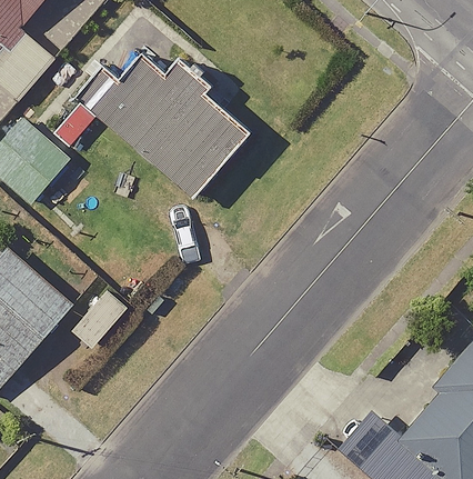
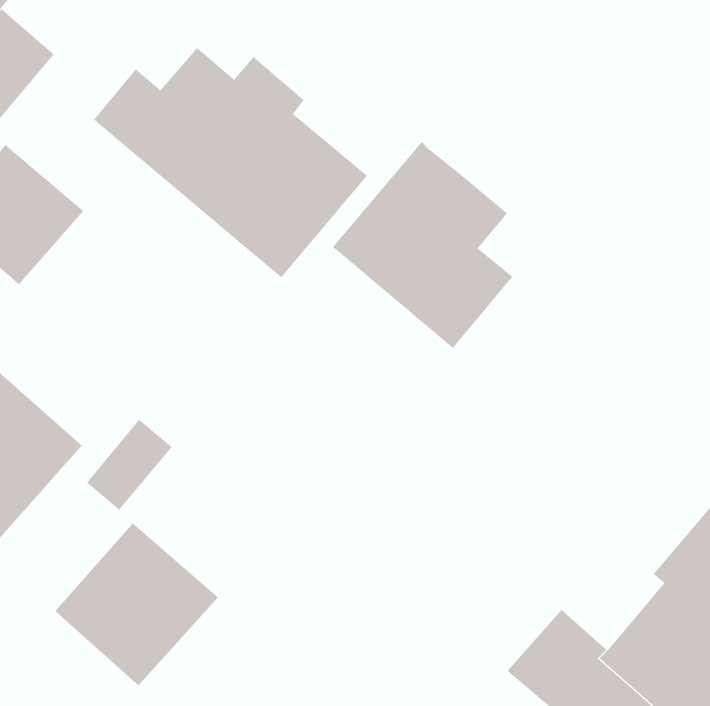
building: none -> [332,141,513,349]
building: none -> [55,523,219,686]

